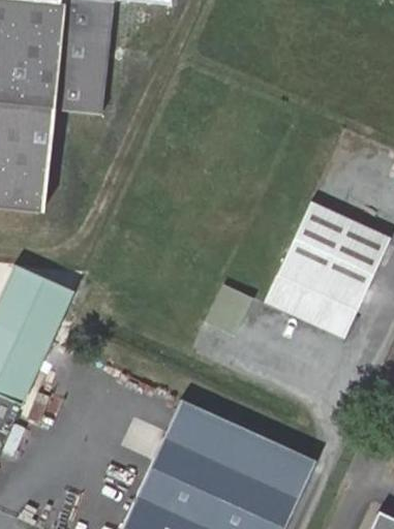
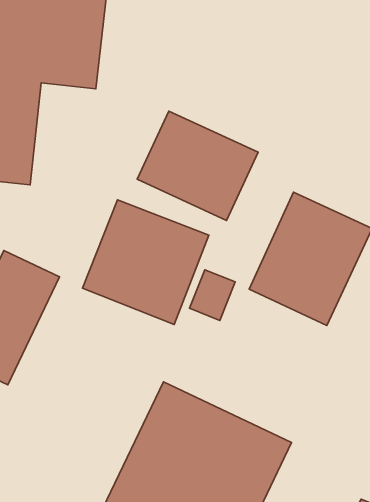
building: none -> [137,111,258,220]
building: none -> [82,200,209,325]

